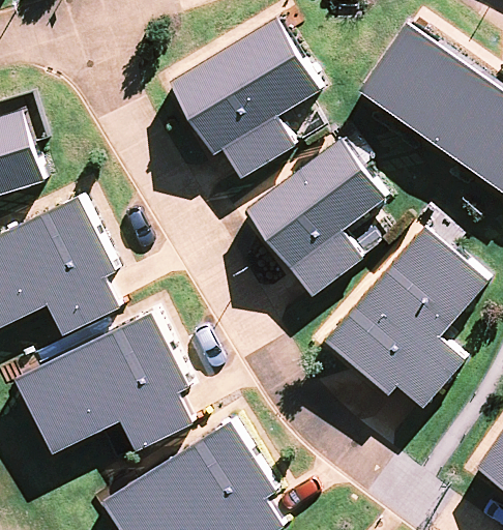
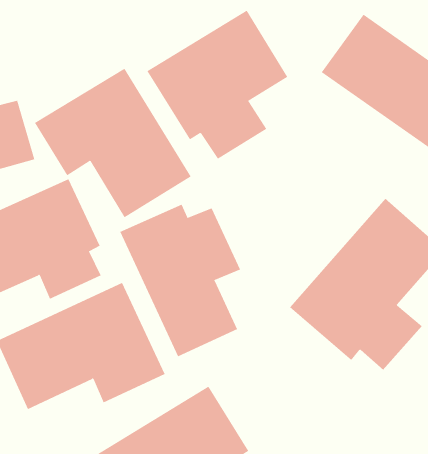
building: none -> [34,68,191,218]
building: [247,141,384,296] -> none
building: none -> [120,204,241,357]

